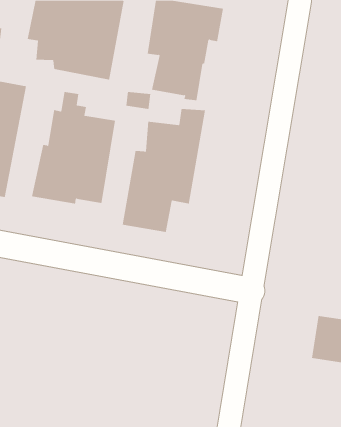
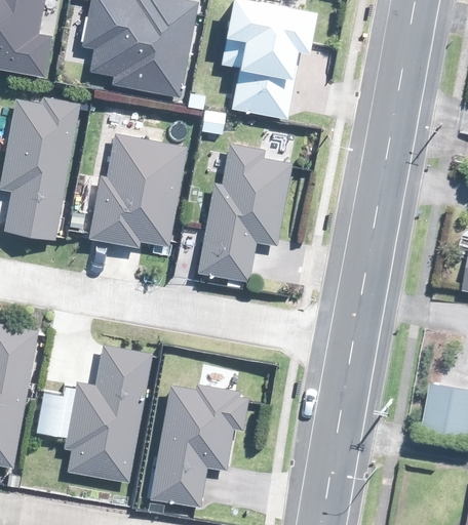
building: none -> [65,346,151,484]
building: none -> [153,385,246,509]

